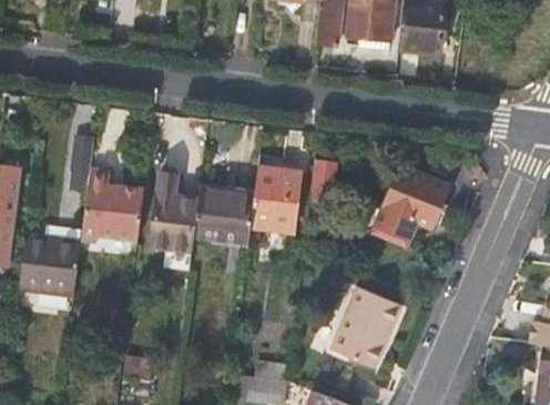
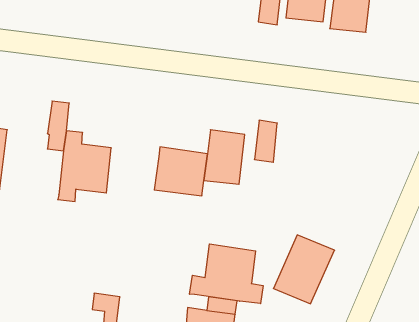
building: [375,164,449,237] -> none
building: [151,171,198,247] -> none
building: [20,234,82,295] -> none
building: none -> [190,244,263,304]

